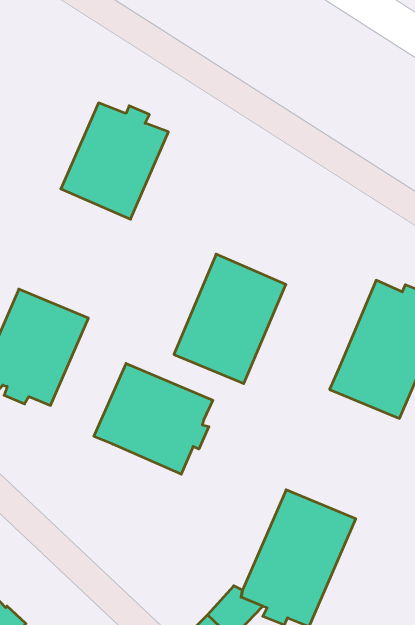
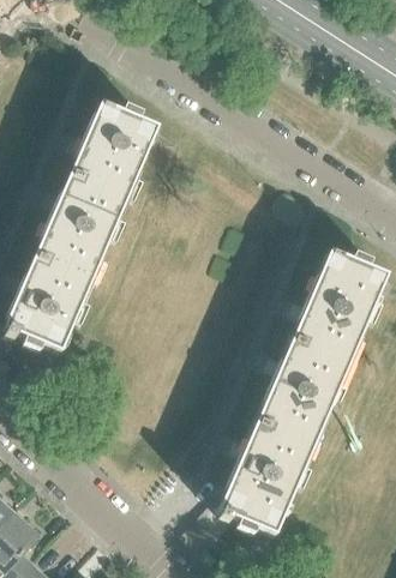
building: [174,254,286,384] -> [35,175,127,282]
building: [94,363,213,474] -> none
building: none -> [256,341,349,447]

